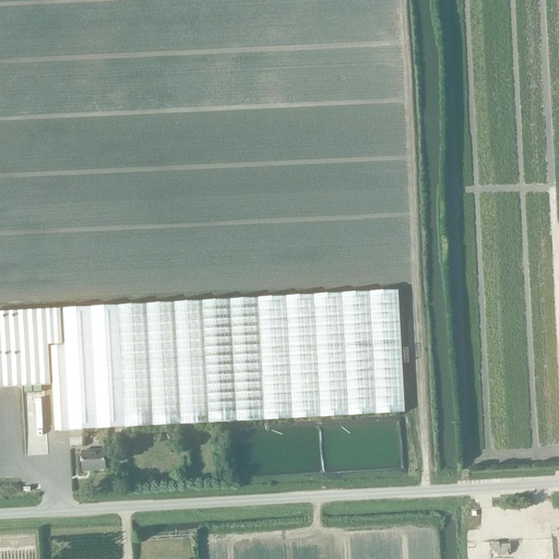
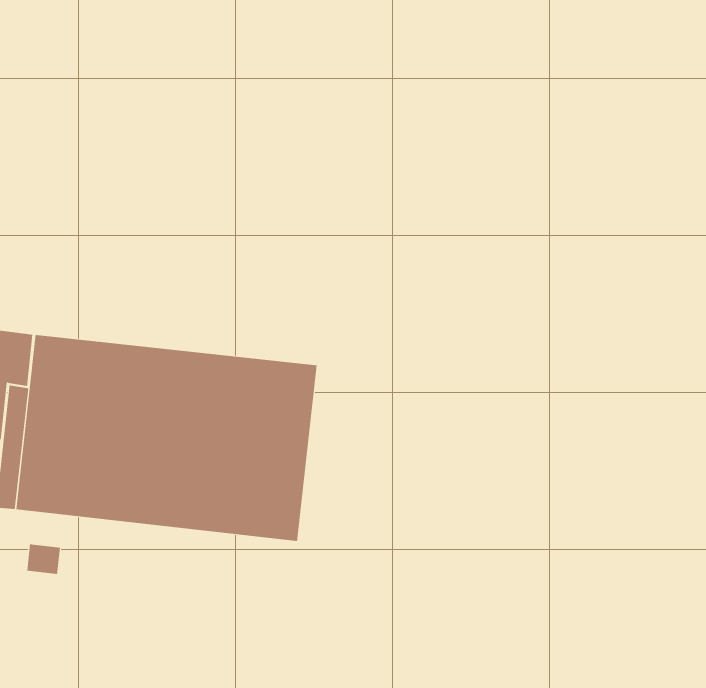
building: [257,289,403,418] -> none

